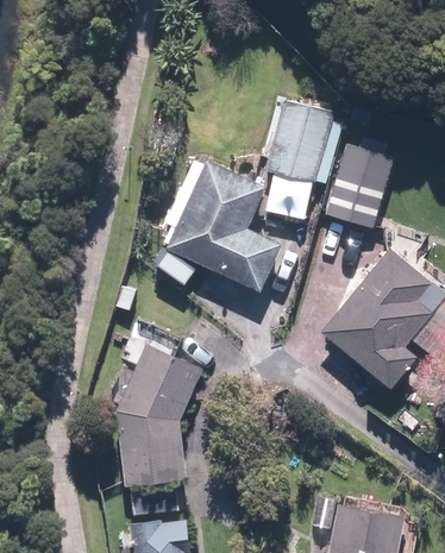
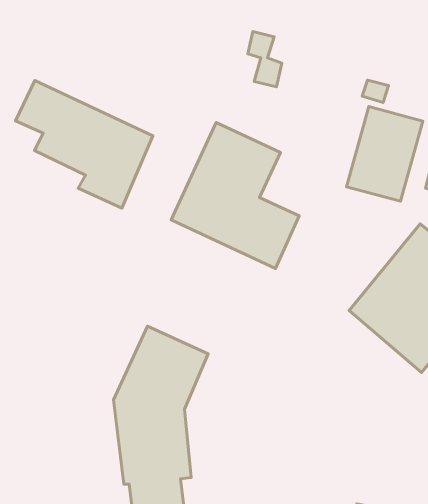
building: [267,100,334,184] -> none
building: none -> [16,80,153,208]

